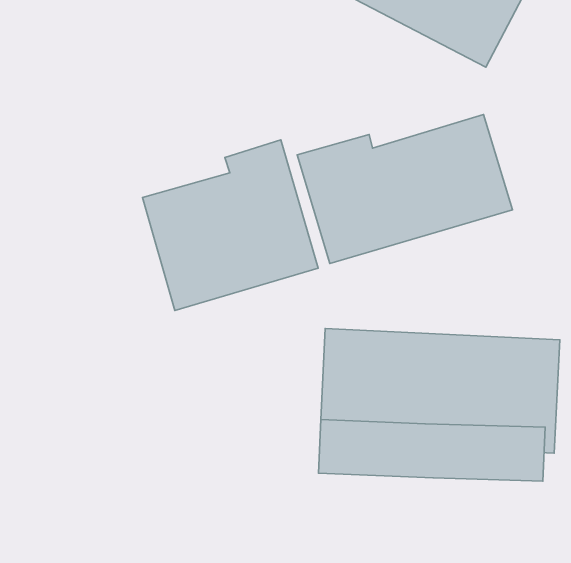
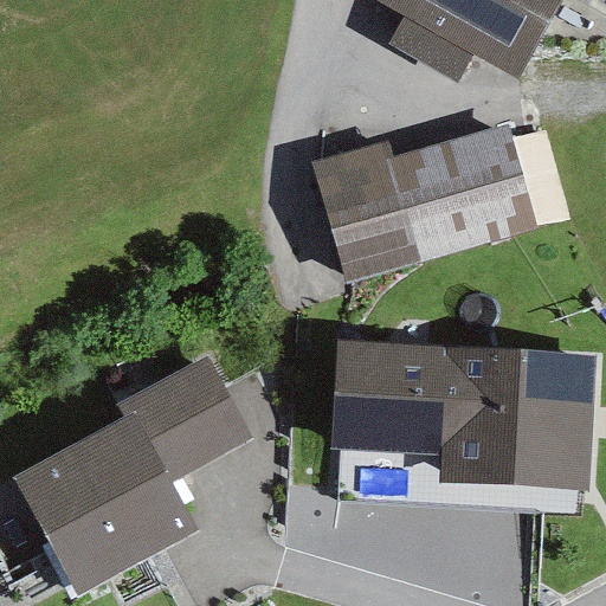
building: [142,140,318,310] -> none
building: none -> [15,353,252,589]

